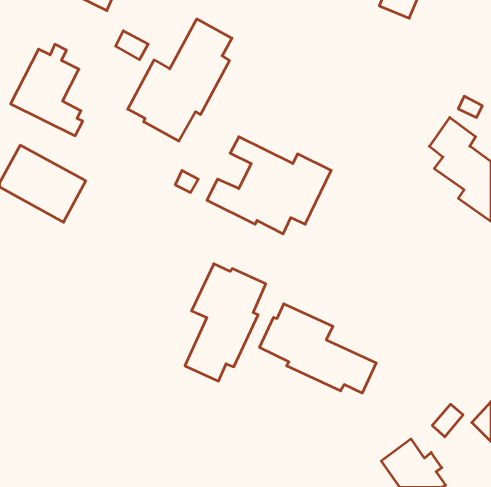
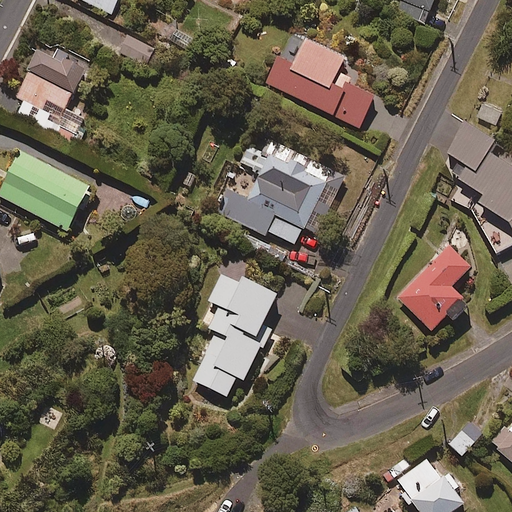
building: [128,19,232,141] -> none
building: none -> [265,39,374,127]
building: none -> [398,246,470,330]
building: [260,304,376,393] -> none

